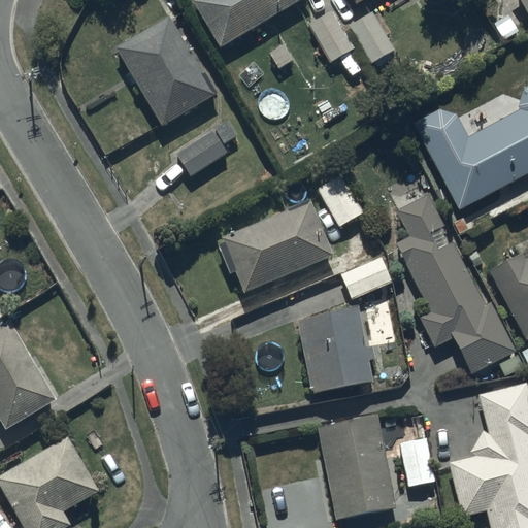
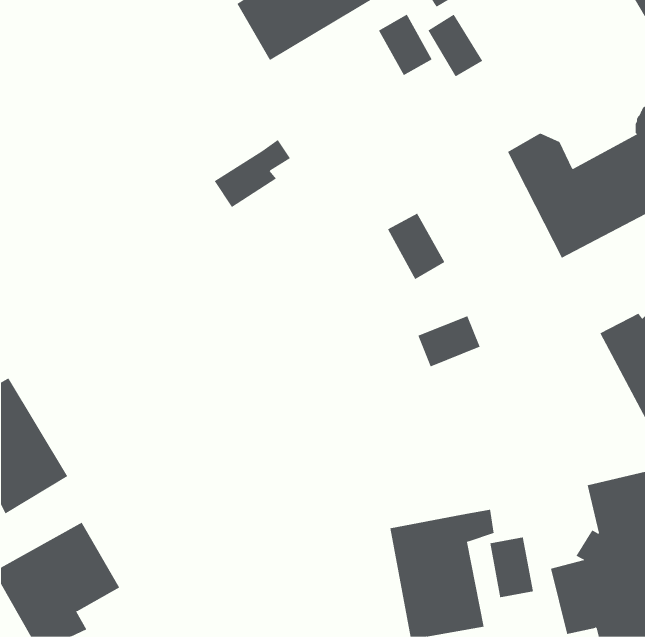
building: [116,18,216,128] -> none
building: [396,194,523,375] -> none
building: [218,202,333,294] -> none
building: [298,308,376,396] -> none

